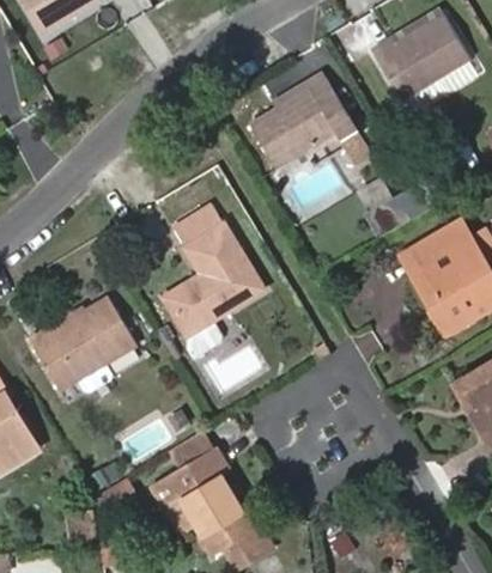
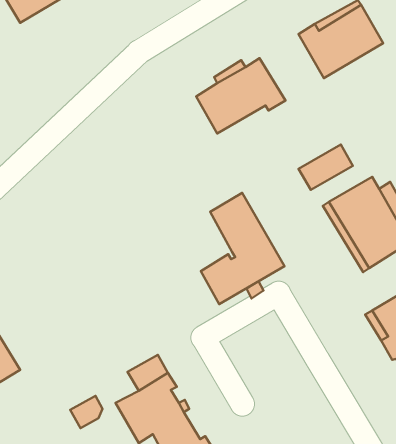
building: [163,202,262,335] -> [201,193,284,304]
building: [35,297,136,389] -> none

